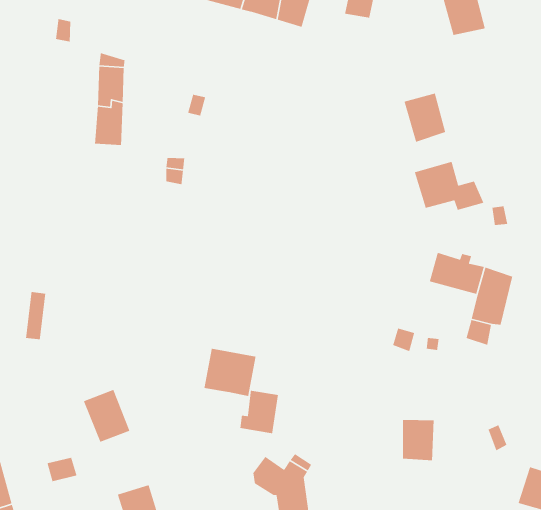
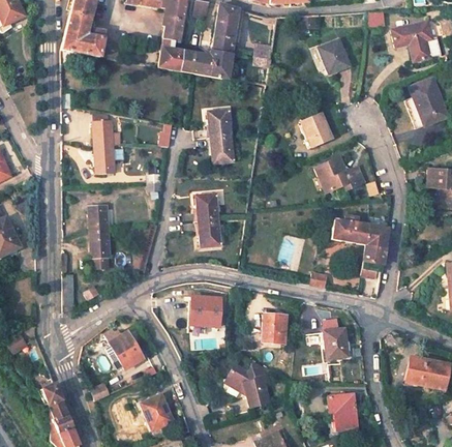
building: none -> [208,110,233,163]
building: none -> [89,202,113,266]
building: none -> [195,193,220,247]
building: [239,390,279,434] -> [262,317,285,345]

